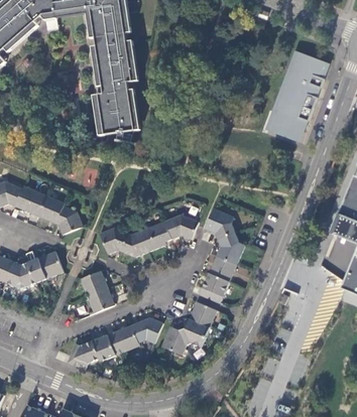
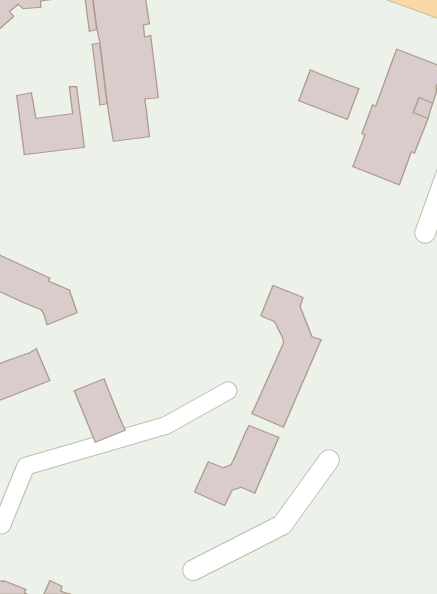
building: none -> [299,70,359,119]
building: [93,91,138,136] -> [17,87,84,155]
building: [99,215,198,257] -> none
building: [67,317,162,371] -> none

